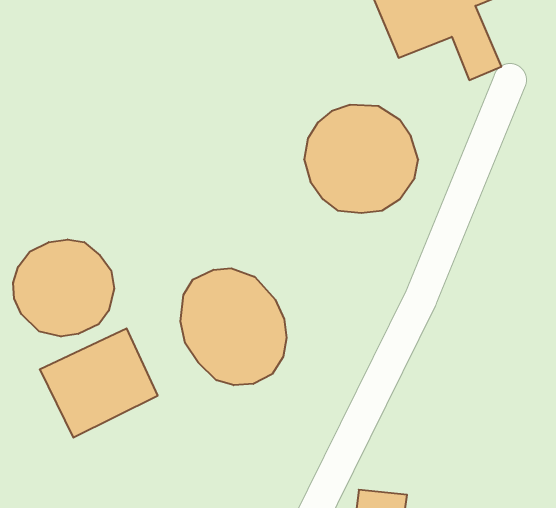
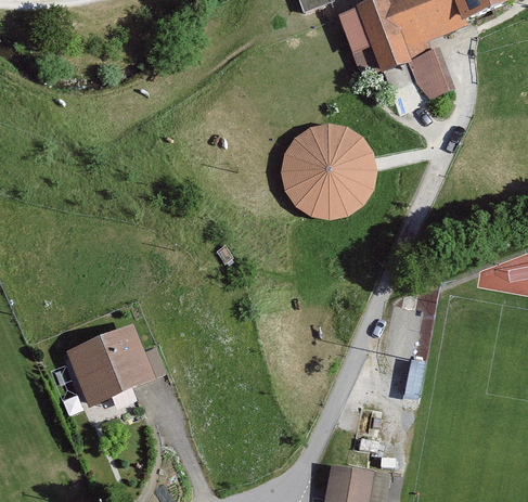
building: [13,239,114,337] -> none
building: [180,268,287,385] -> none

